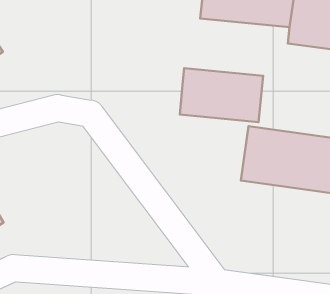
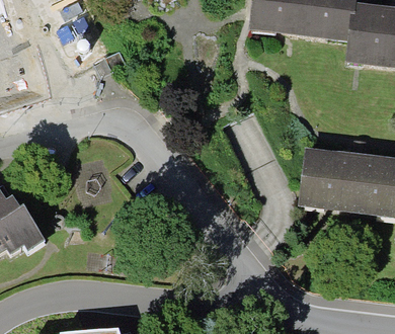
building: [180,68,263,122] -> none

